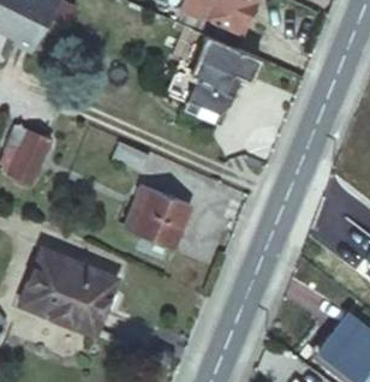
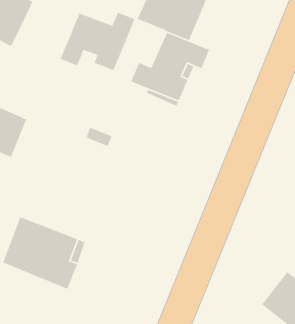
building: none -> [59,11,136,71]
building: [124,184,189,247] -> none

